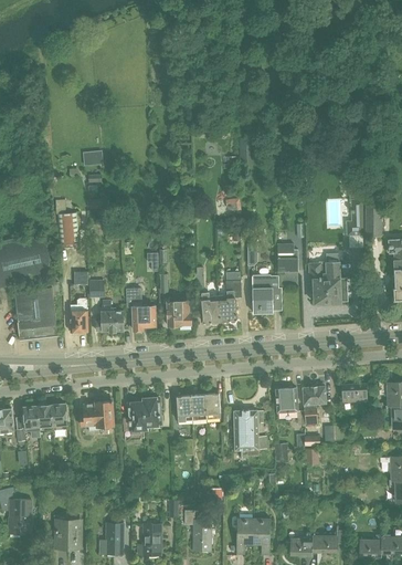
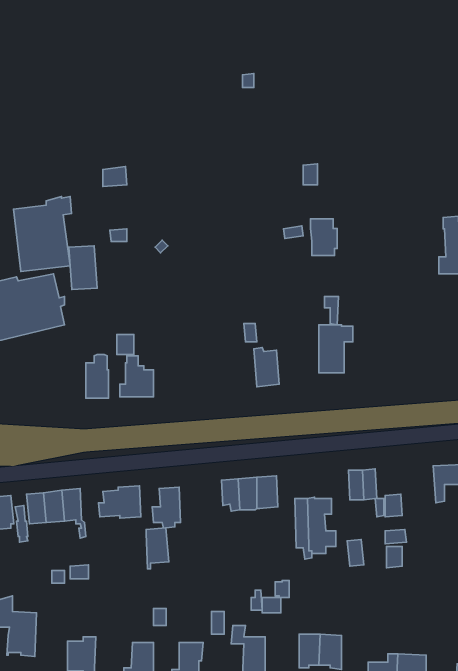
building: [276,242,297,271] -> [310,219,337,255]
building: [308,261,347,303] -> none
building: [219,280,241,321] -> none
building: [13,281,59,339] -> [14,197,72,271]
building: [125,287,155,329] -> none
building: [167,301,190,328] -> none
building: [302,385,326,408] -> none
building: [142,397,160,429] -> [146,528,169,569]

